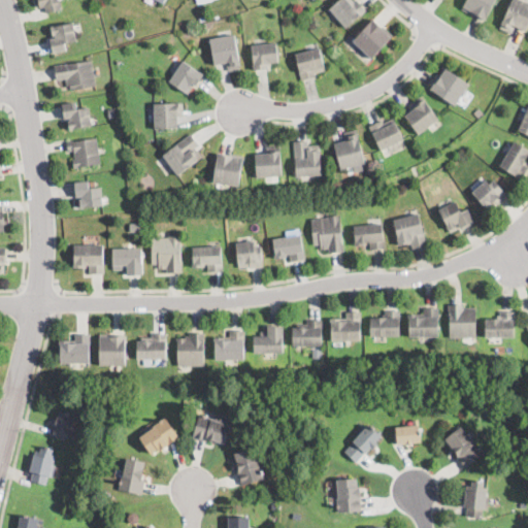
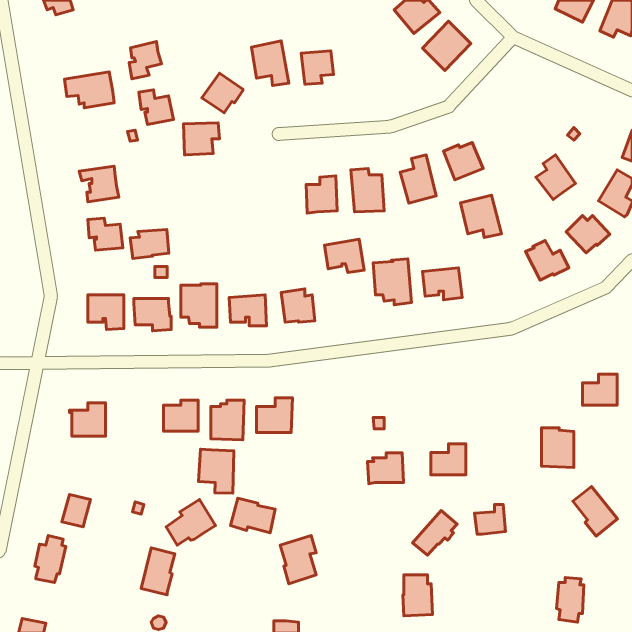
building: [50,23,76,54] -> [129,42,161,79]
building: [294,48,324,81] -> none
building: [429,68,469,106] -> none
building: [404,97,437,134] -> [536,155,575,200]
building: [62,103,91,132] -> [139,90,173,124]
building: [162,134,200,175] -> none
building: [212,154,242,188] -> none
building: none -> [130,229,169,258]
building: [392,214,426,250] -> [460,195,501,237]
building: [271,235,304,263] -> [324,239,364,273]
building: [448,306,474,339] -> [542,428,574,468]
building: [407,308,437,338] -> none
building: [369,311,398,337] -> [431,444,466,475]
building: [330,314,360,341] -> none
building: [291,322,321,348] -> [368,453,403,484]
building: [253,327,282,354] -> none
building: [98,336,125,366] -> none
building: none -> [198,449,234,493]
building: [444,427,482,468] -> [573,486,617,536]

